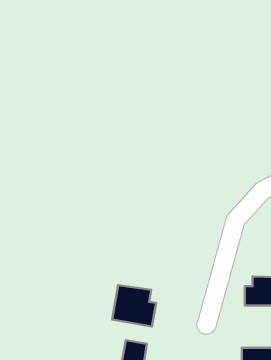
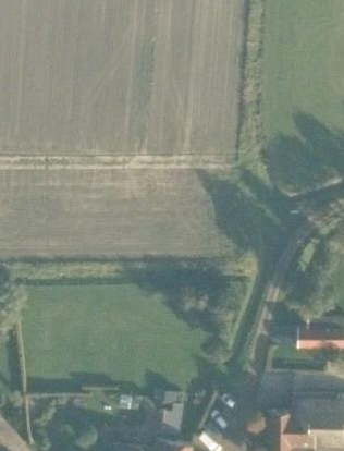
building: [112,285,156,327] -> none

